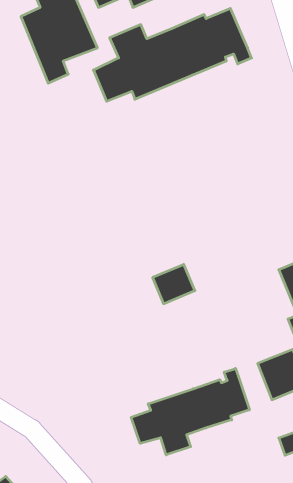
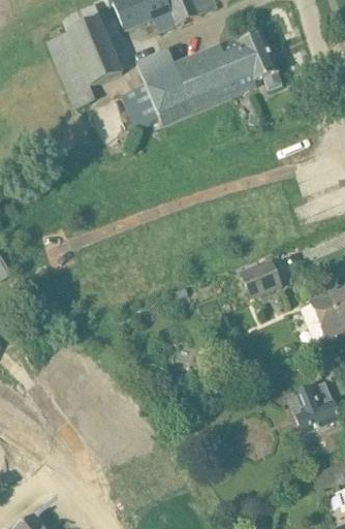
building: [153,264,195,304] -> [241,258,284,299]
building: [131,368,249,455] -> none

